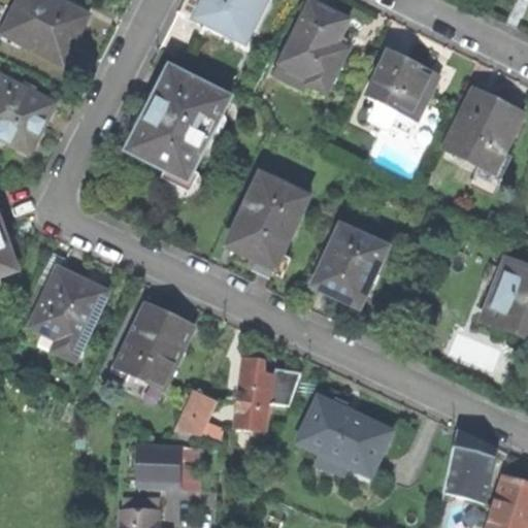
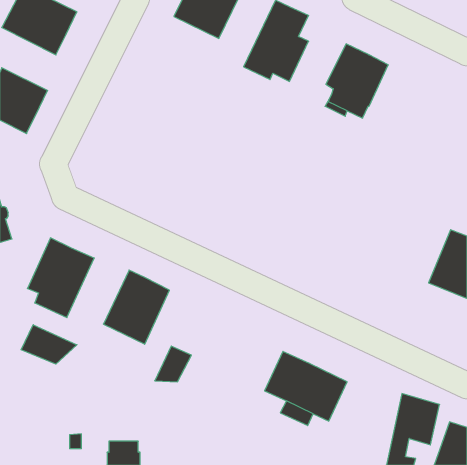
building: [128,67,230,180] -> none
building: [446,90,522,170] -> none
building: [230,172,309,268] -> none
building: [315,226,389,307] -> none
building: [235,357,299,431] -> none
building: none -> [21,325,77,364]
building: [137,443,198,487] -> none

